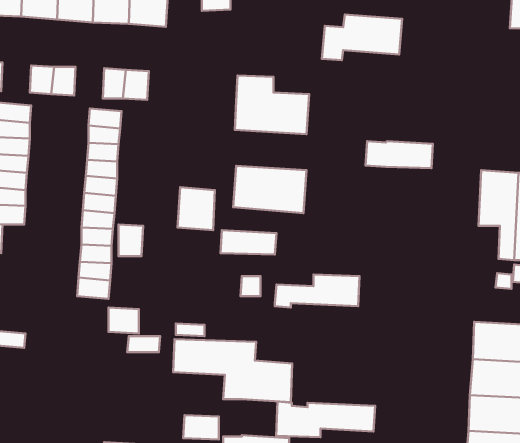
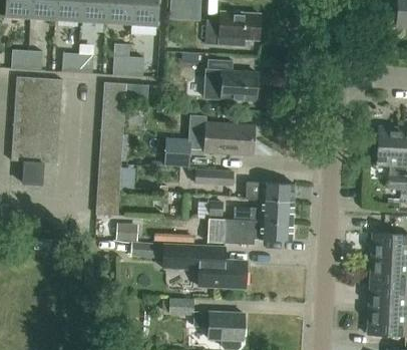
building: [322,14,402,60] -> [205,13,261,45]
building: [366,141,433,168] -> [247,182,294,201]
building: [276,401,375,437] -> [223,219,292,244]

